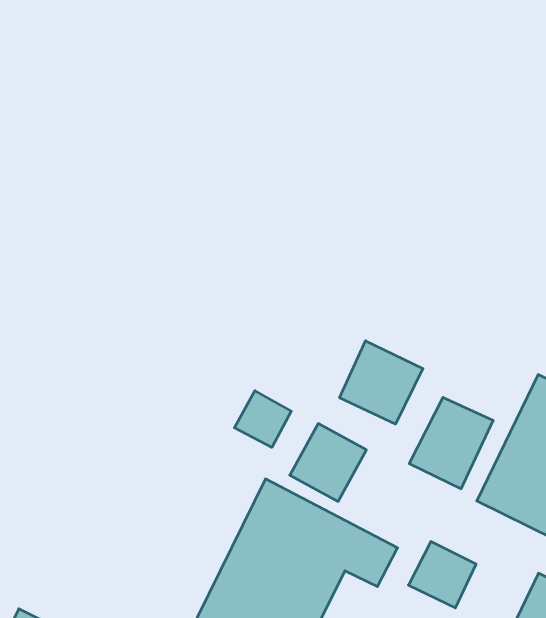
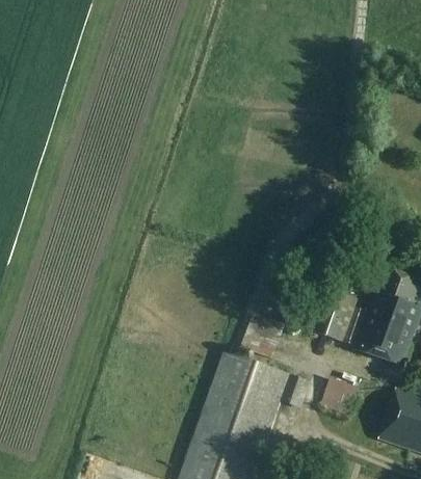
building: [340,341,423,424] -> none
building: [234,391,291,447] -> none

